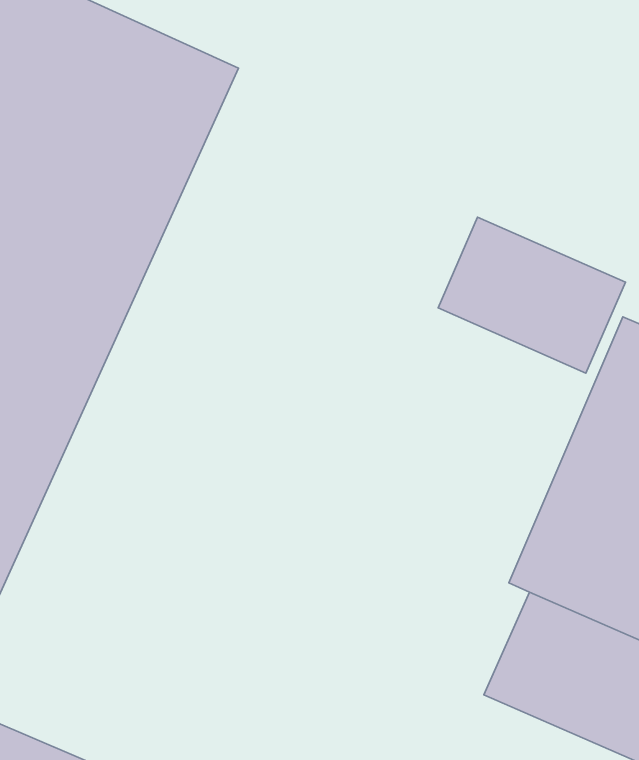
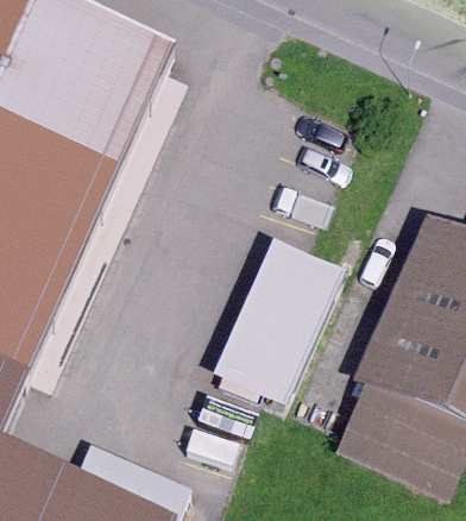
building: [438,217,625,373] -> none
building: none -> [214,232,347,398]

